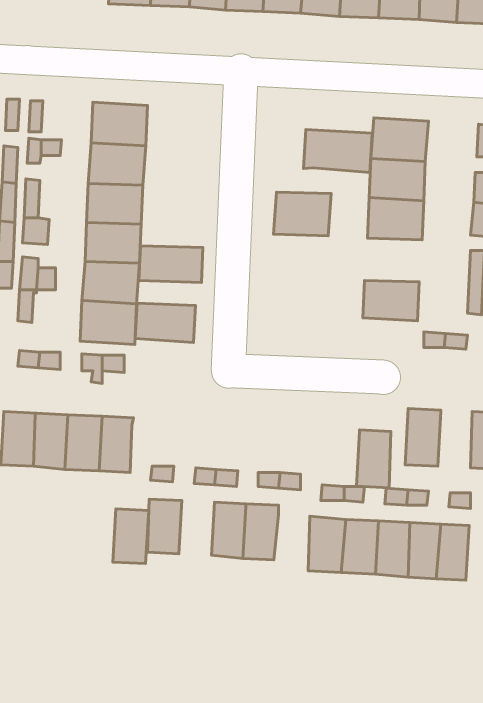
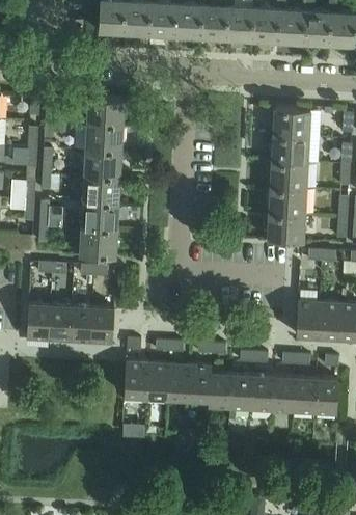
building: [303,129,372,172] -> none
building: [274,192,331,236] -> [268,188,306,217]
building: [139,246,203,282] -> none
building: [135,303,196,342] -> none
building: [356,430,391,488] -> [317,302,339,341]
building: [113,509,149,564] -> [144,362,168,399]
building: none -> [208,372,231,409]

